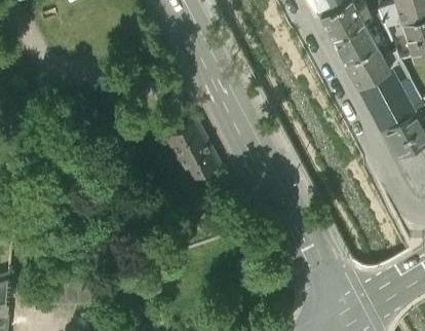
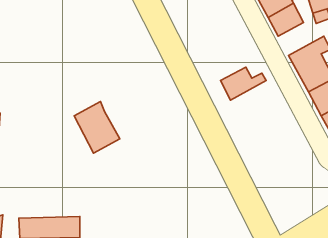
building: [344,42,399,82] -> [220,67,266,100]
building: [165,117,221,180] -> [74,101,120,153]

